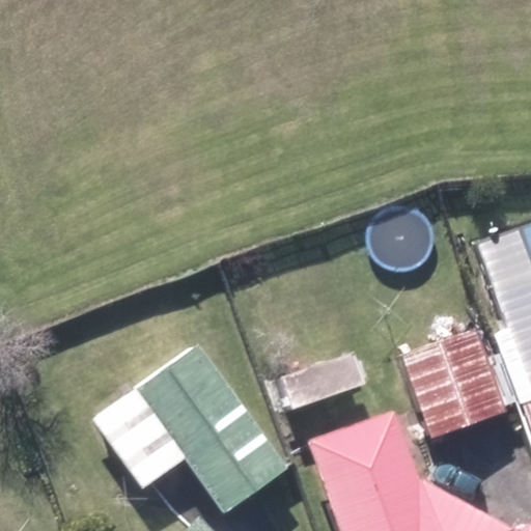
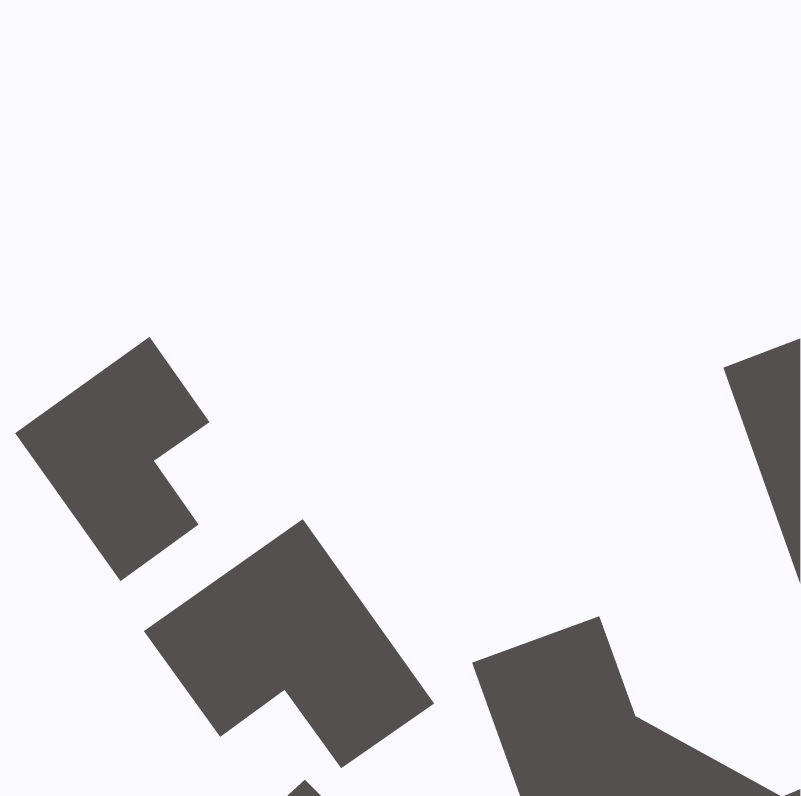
building: none -> [14,336,210,582]
building: [404,331,505,439] -> none

